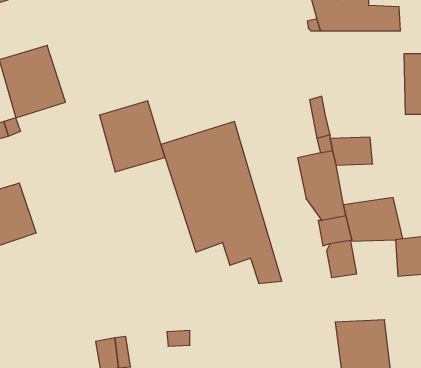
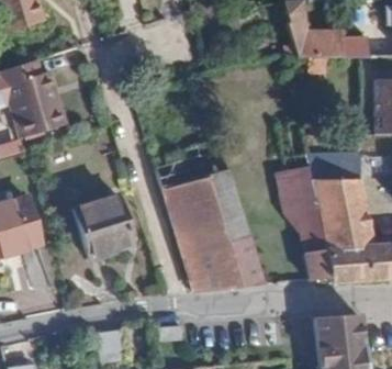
building: [99,101,165,172] -> [75,191,134,256]
building: none -> [313,153,365,214]
building: none -> [326,246,369,282]
building: none -> [186,248,243,291]

